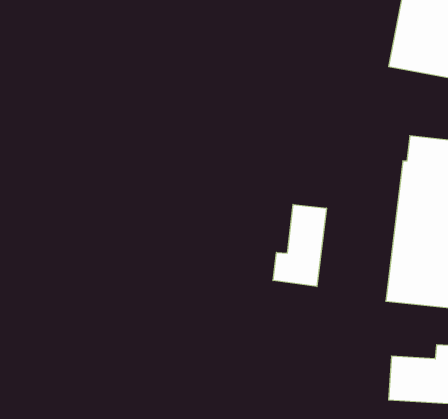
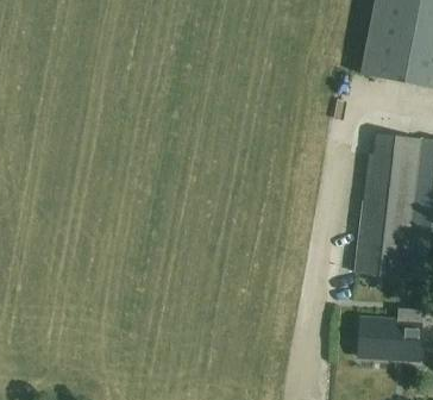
building: [273,204,326,287] -> none

